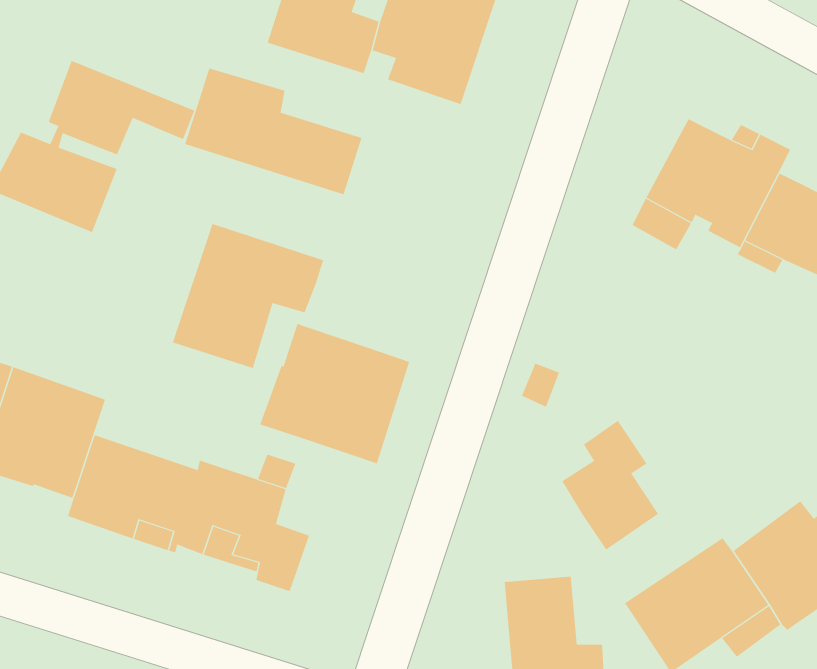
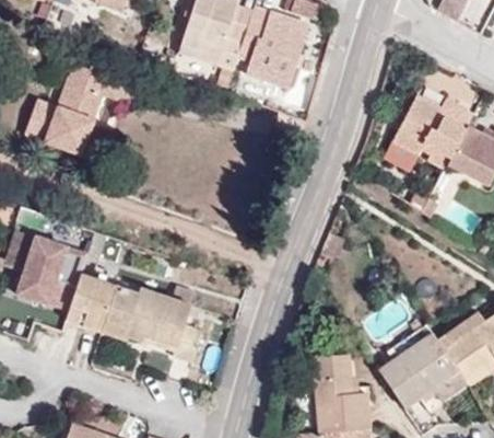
building: [184,67,362,195] -> none
building: [172,223,324,369] -> none
building: [259,323,410,464] -> none
building: [561,420,659,551] -> none

